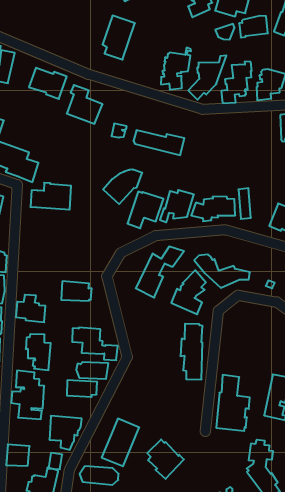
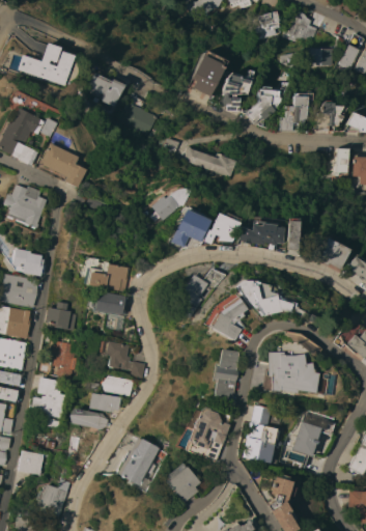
building: [102,16,135,60] -> [194,50,229,95]
building: [30,183,71,210] -> [87,261,131,291]
building: none -> [262,352,313,393]
building: none -> [182,410,225,462]
building: [80,466,119,485] -> [71,408,110,429]

